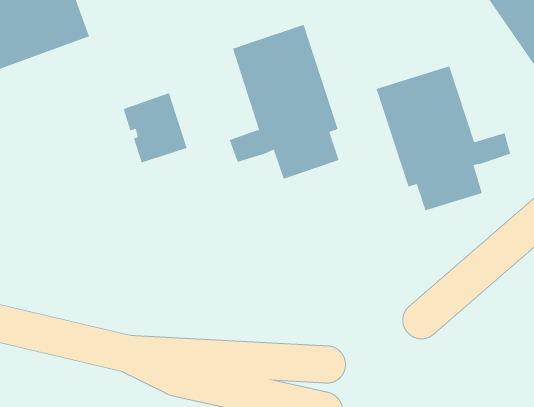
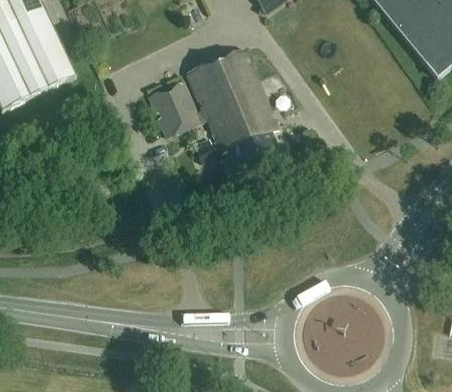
building: [376,66,511,211] -> none
building: [123,92,188,163] -> [148,77,201,135]

